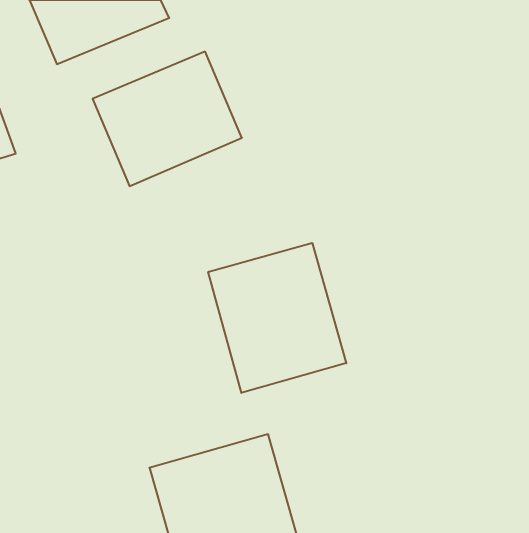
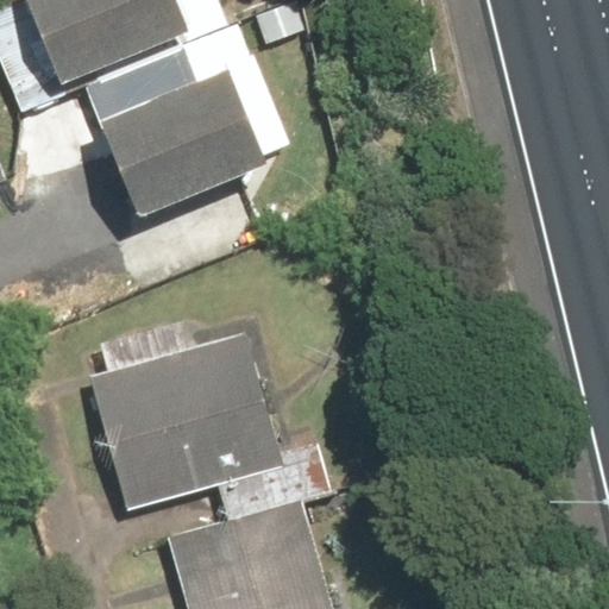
building: [208,243,346,393] -> none
building: none -> [82,333,275,510]

